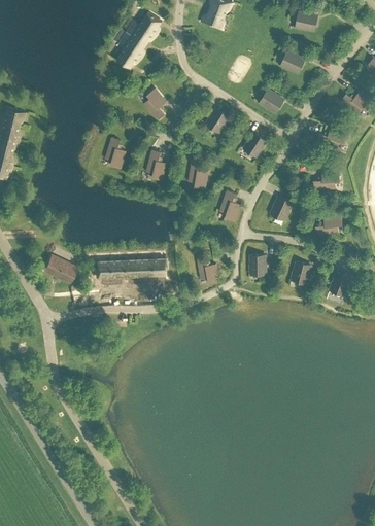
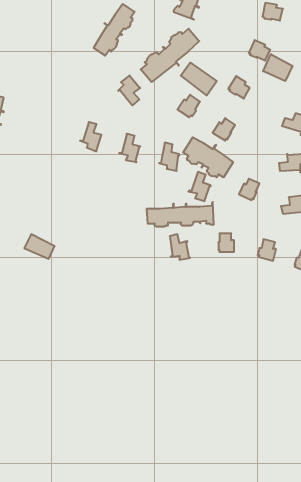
building: none -> [141,29,199,82]
building: none -> [263,54,292,81]
building: none -> [181,63,217,95]
building: none -> [183,137,233,177]
building: [96,254,167,280] -> [147,202,214,226]

